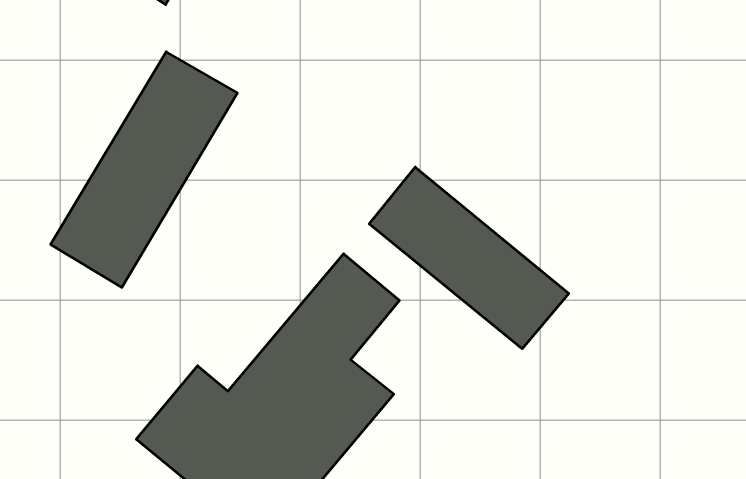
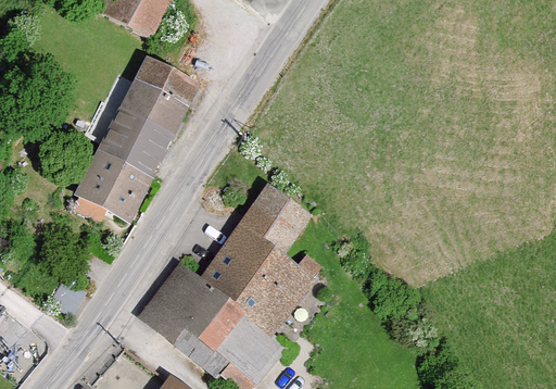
building: [369,167,569,349] -> none

